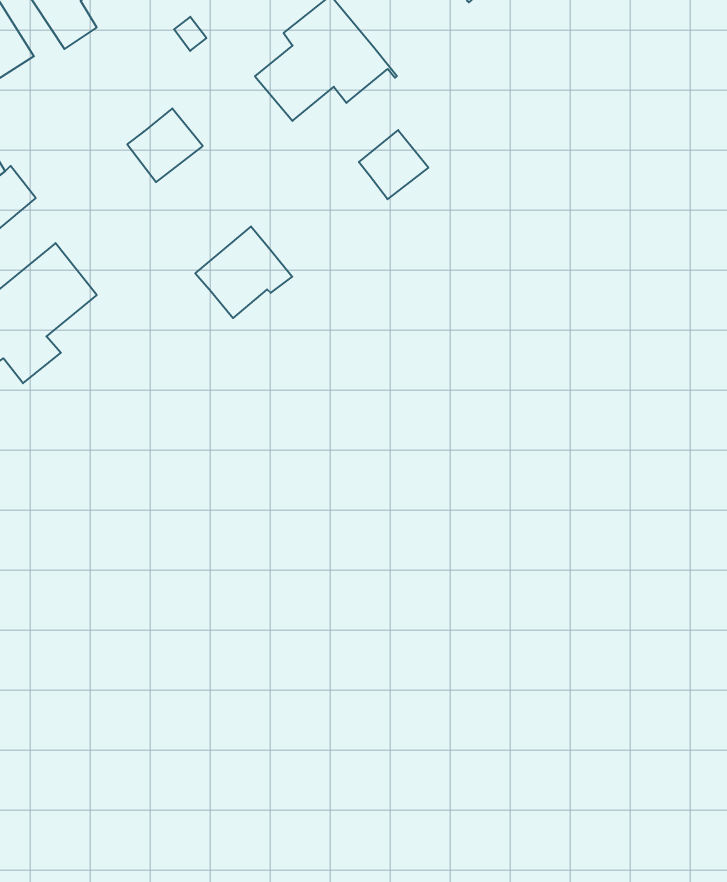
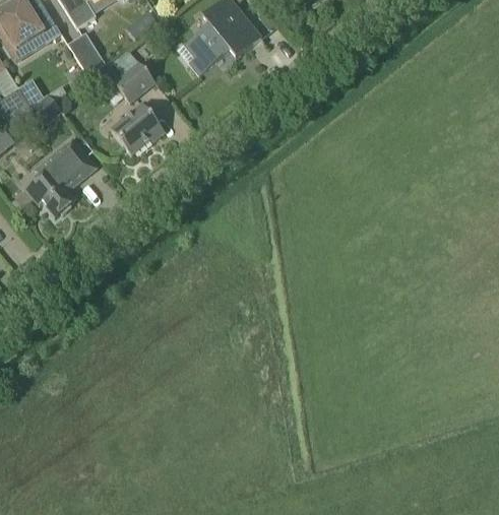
building: none -> [67,33,105,76]
building: [359,130,428,199] -> none
building: [195,226,292,318] -> [110,104,165,155]

